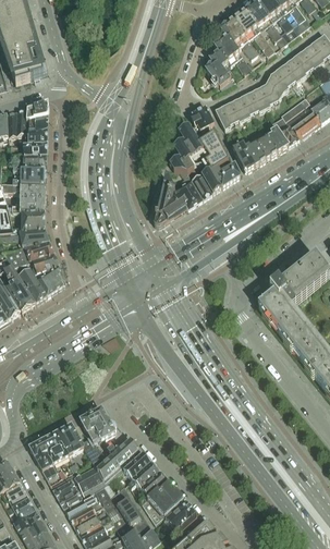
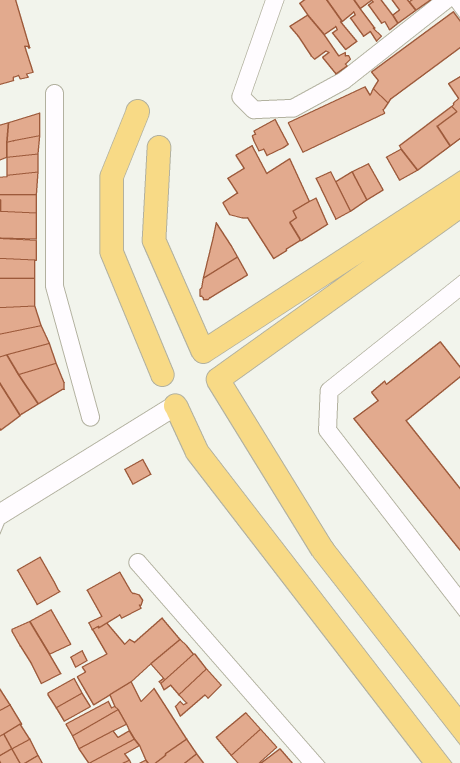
building: [206,49,236,86] -> none
building: [266,114,289,151] -> none
building: [175,170,204,208] -> none
building: [56,423,84,454] -> [17,557,60,605]
building: [142,481,184,522] -> none

